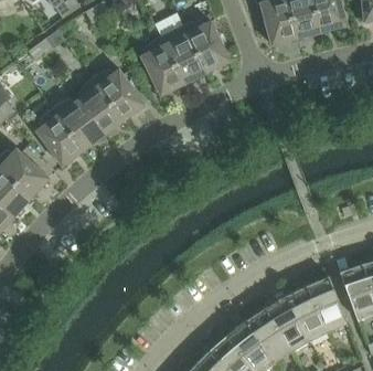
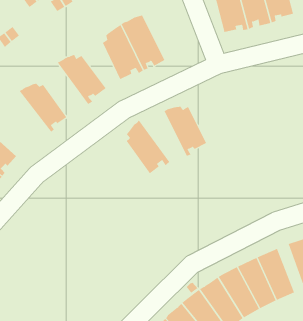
building: [184,21,231,75] -> [164,106,207,157]
building: [78,77,126,136] -> [126,120,170,174]
building: [36,108,86,167] -> none

